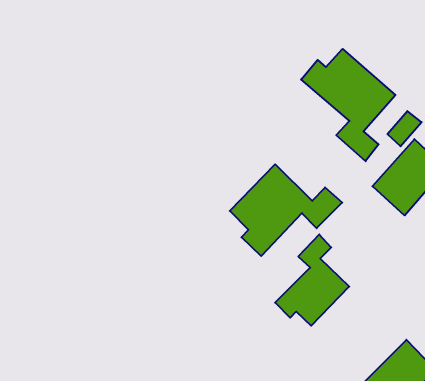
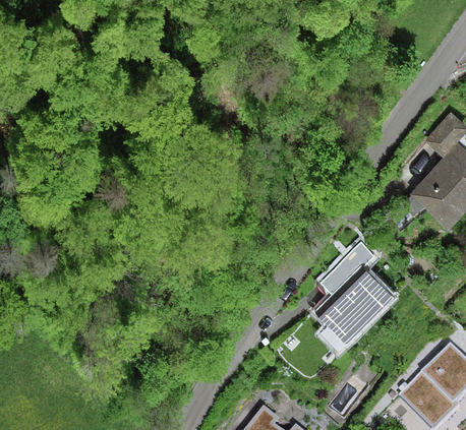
building: [301,49,395,161] -> none
building: [230,164,342,256] -> none

